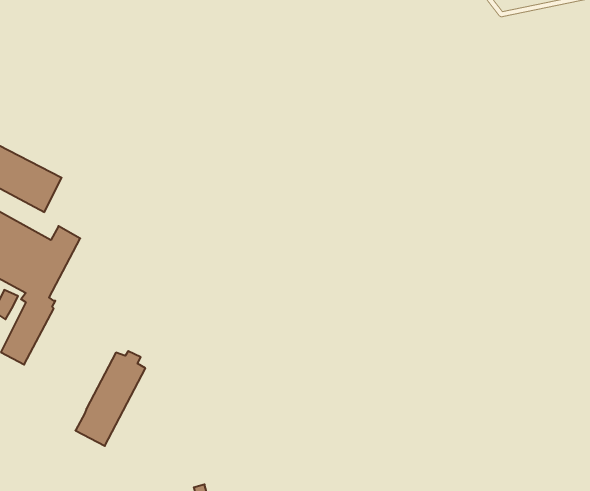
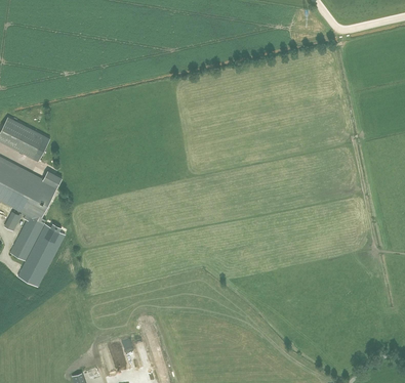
building: [75,351,145,446] -> [17,223,64,286]

